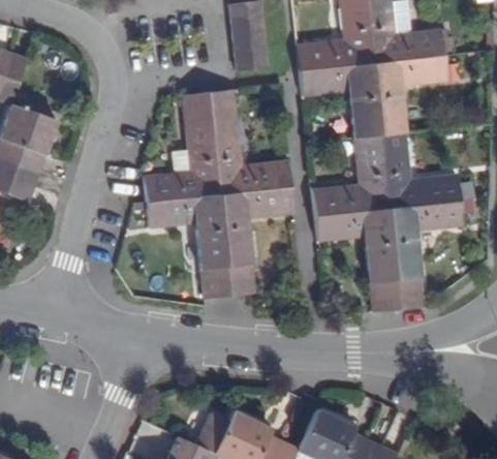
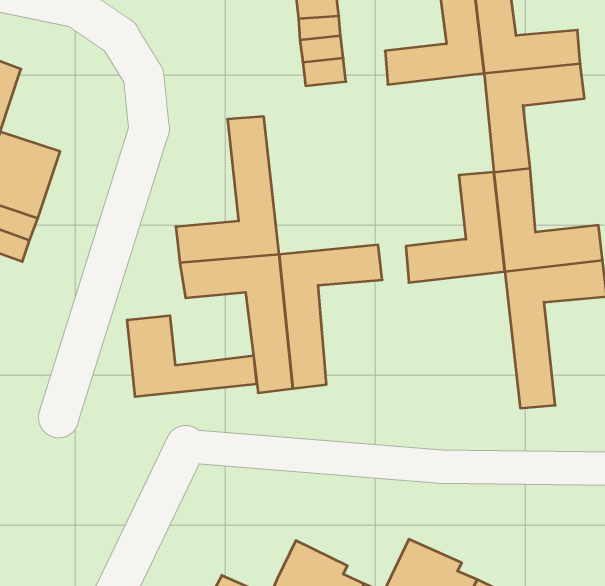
building: [300,62,378,137] -> none
building: [208,92,292,196] -> none
building: [315,209,398,312] -> none
building: none -> [127,316,256,397]

